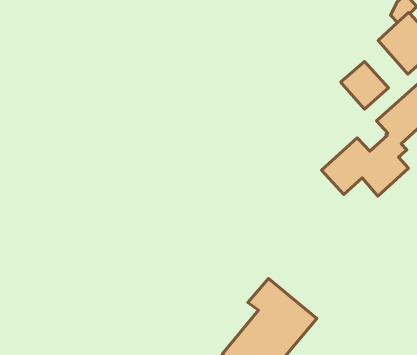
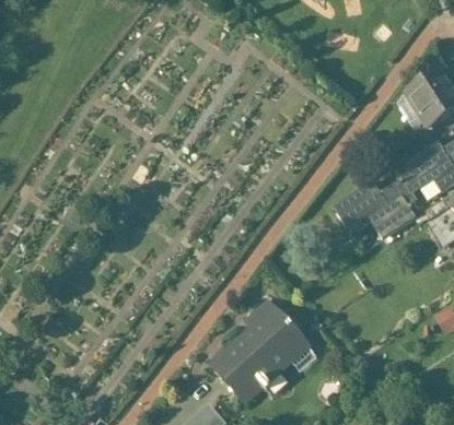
building: [341,62,388,109] -> none

